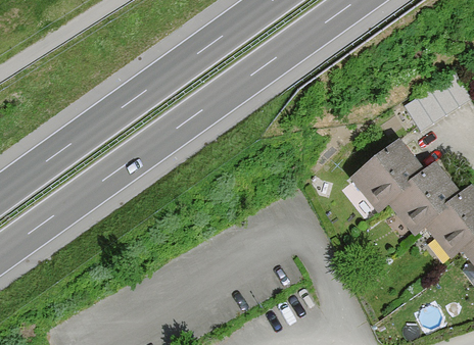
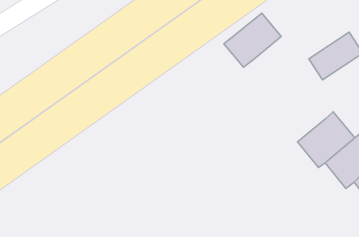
building: [353,141,426,209] -> [224,13,281,67]

